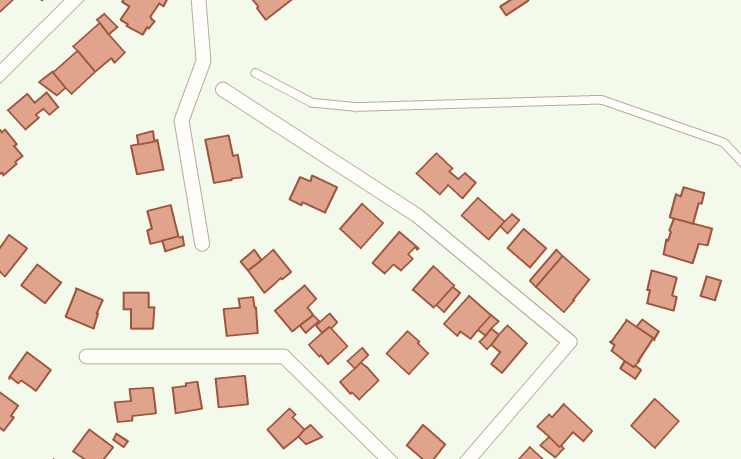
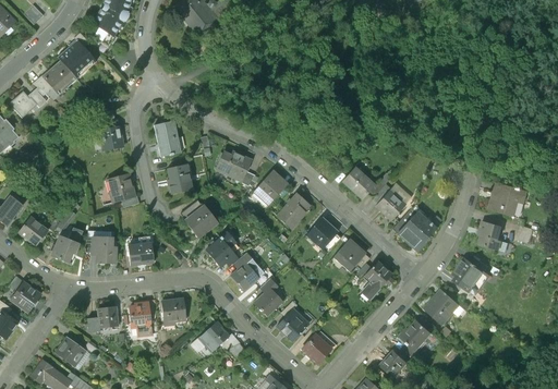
building: [416,153,476,198] -> none
building: [670,187,704,224] -> none
building: none -> [167,165,191,195]
building: [224,297,258,336] -> [129,238,154,266]
building: [387,331,428,374] -> [276,311,306,342]
building: [631,399,679,448] -> [424,289,459,325]

